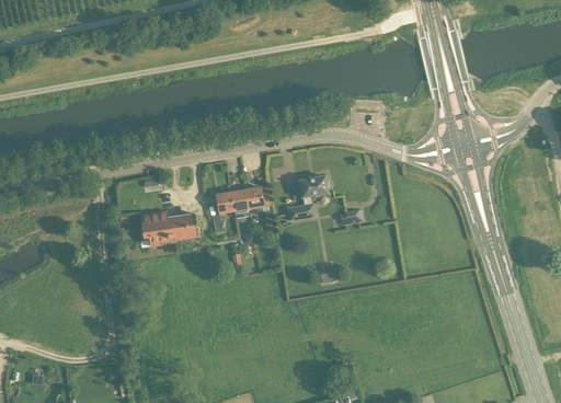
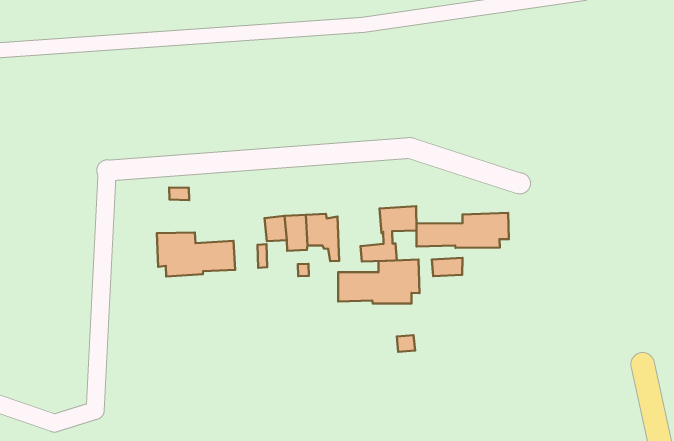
building: none -> [417,213,509,248]
building: none -> [338,260,420,304]

